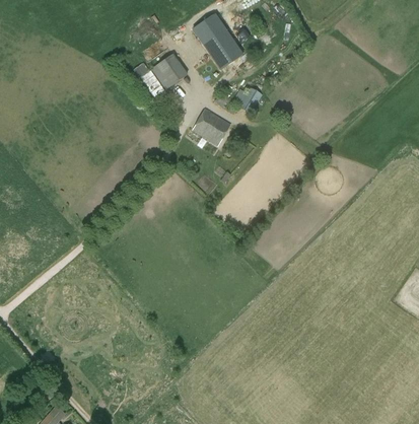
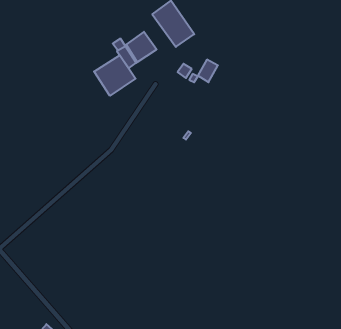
building: none -> [94,55,136,96]
building: [194,108,231,144] -> none

